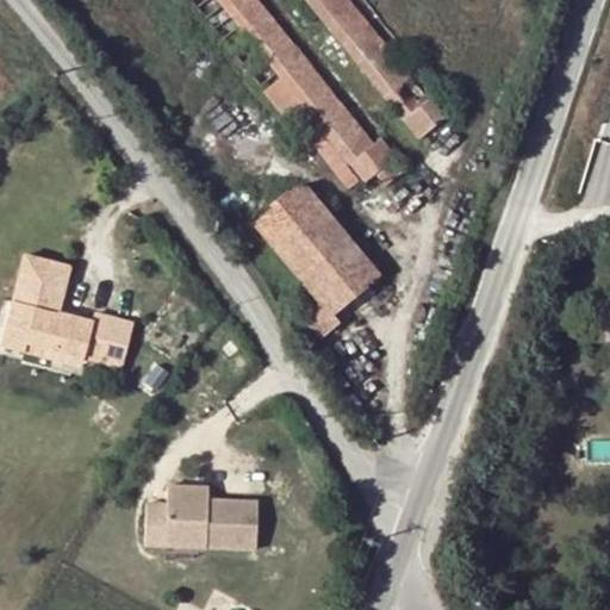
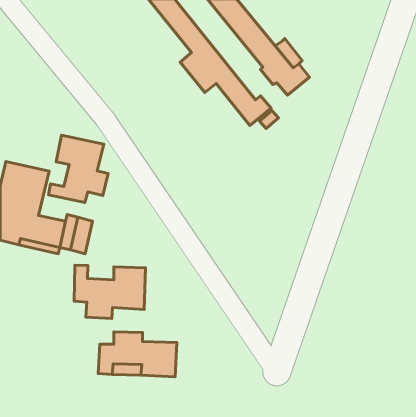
building: [259,185,380,337] -> none
building: none -> [49,135,108,202]
building: none -> [74,265,145,318]

